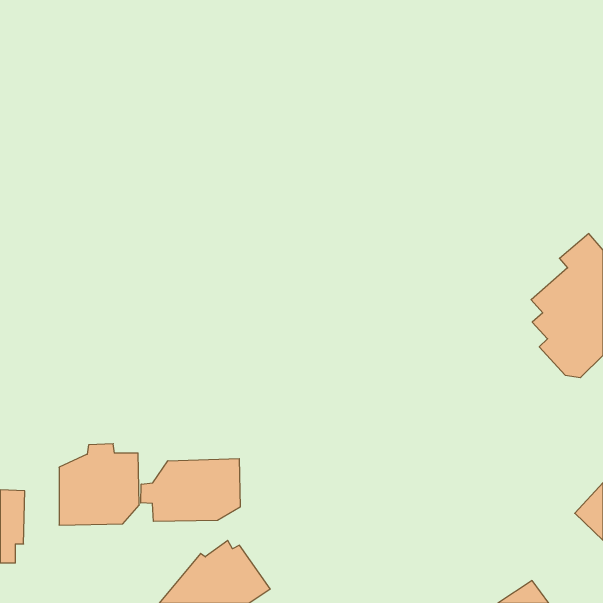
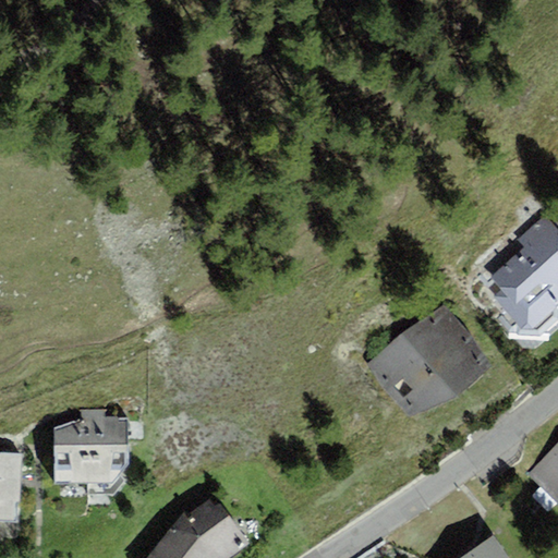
building: none -> [367,305,492,417]
building: [141,459,240,521] -> none

